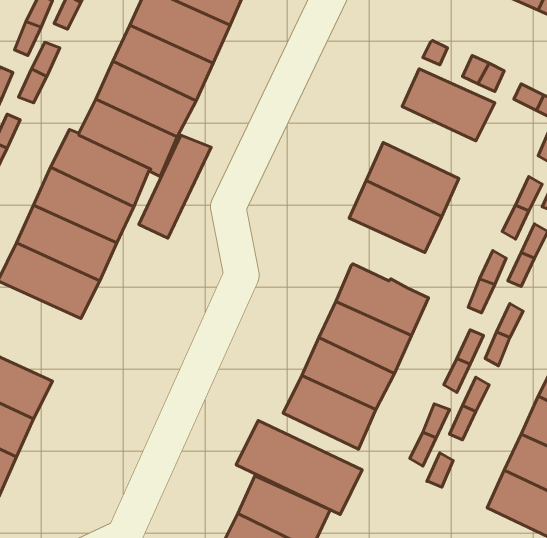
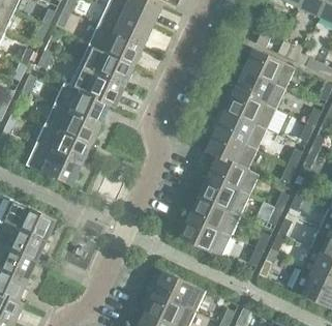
building: none -> [235,69,285,109]
building: [139,135,211,238] -> none
building: none -> [207,130,258,169]
building: [236,421,362,514] -> none

